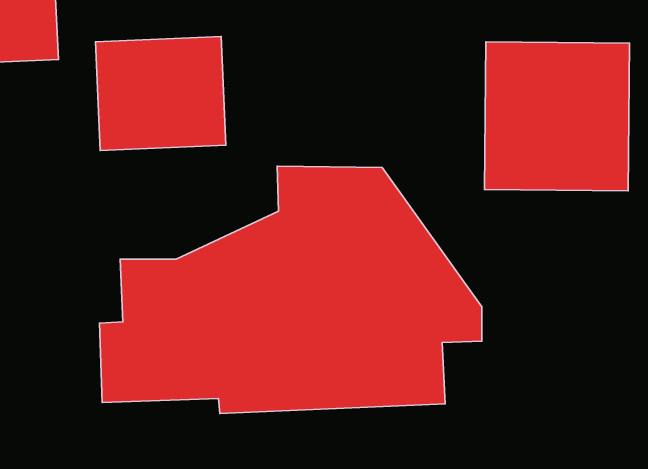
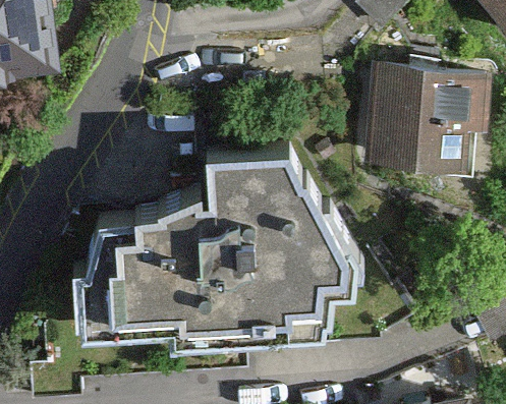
building: [95,36,226,151] -> none

